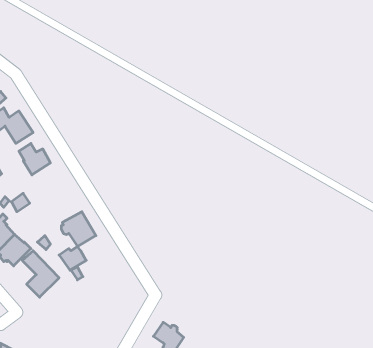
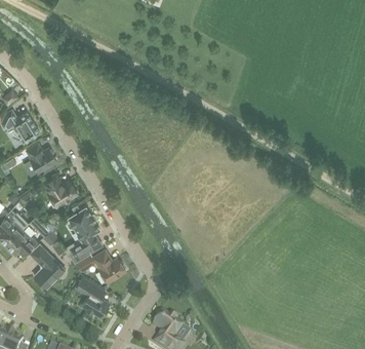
building: none -> [44,174,77,205]
building: none -> [93,249,125,281]
building: none -> [78,276,109,315]

